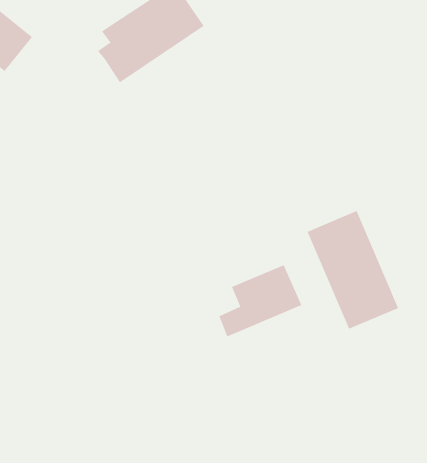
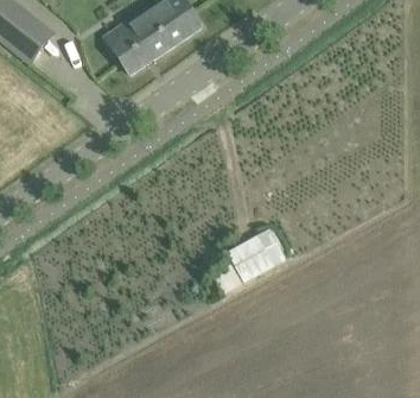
building: [307,210,399,329] -> none

